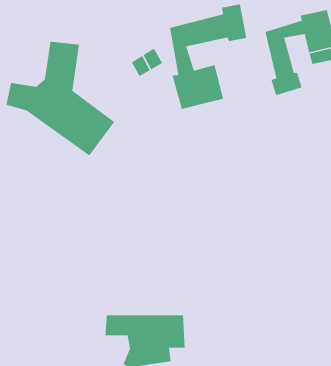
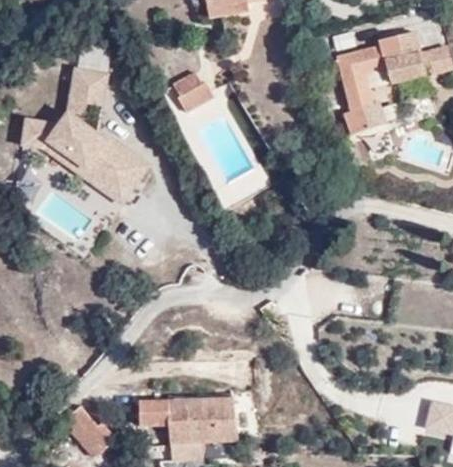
building: [169,4,247,110] -> none
building: none -> [62,405,112,452]

